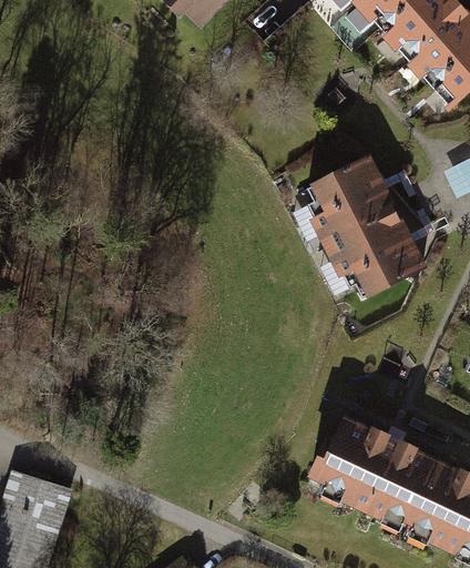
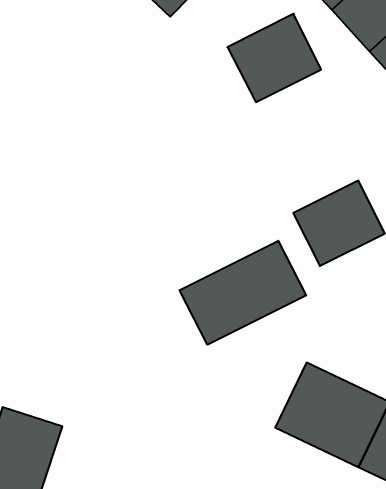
building: [298,152,400,248] -> [227,14,321,102]
building: none -> [180,241,306,345]

